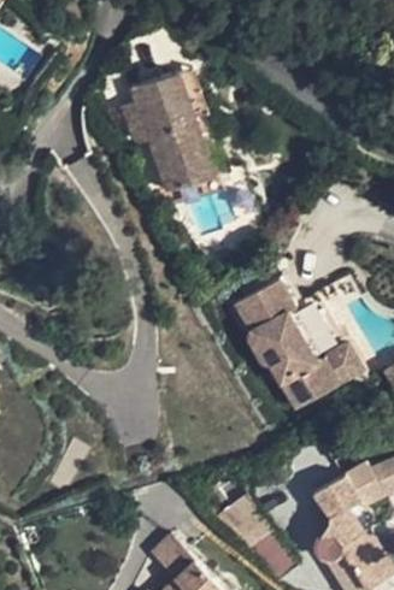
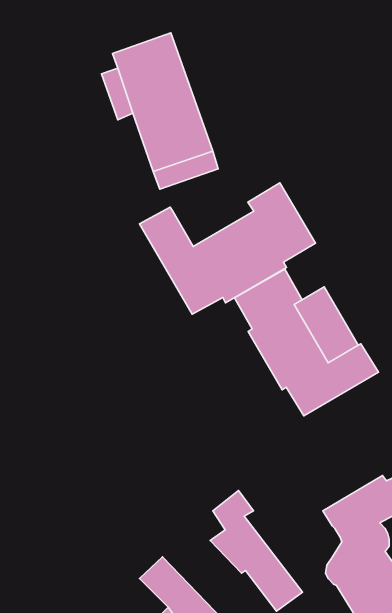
building: none -> [140,183,316,314]

